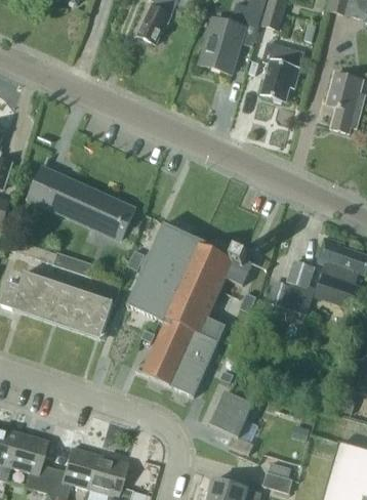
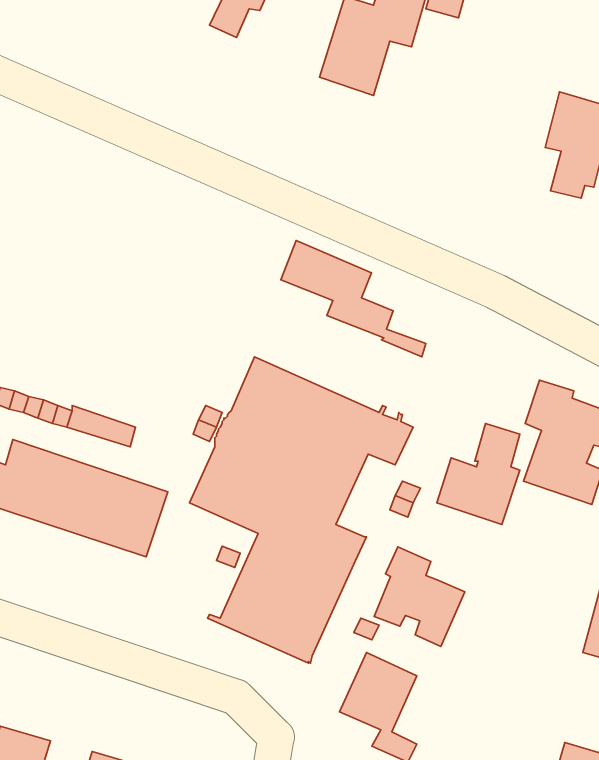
building: [261,42,303,99] -> none
building: none -> [281,241,426,357]
building: [32,167,134,238] -> none
building: none -> [374,547,465,647]

